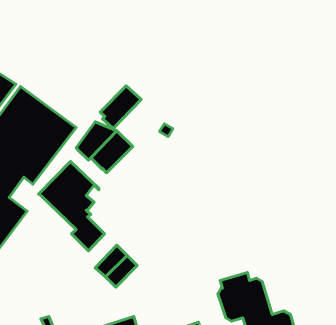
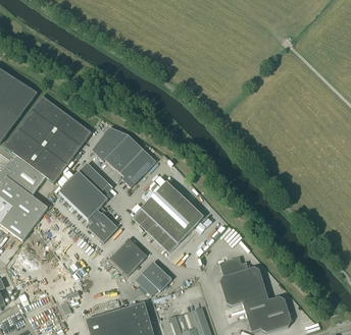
building: [100,86,141,129] -> [119,149,156,187]
building: none -> [132,181,203,252]
building: none -> [135,261,171,295]

